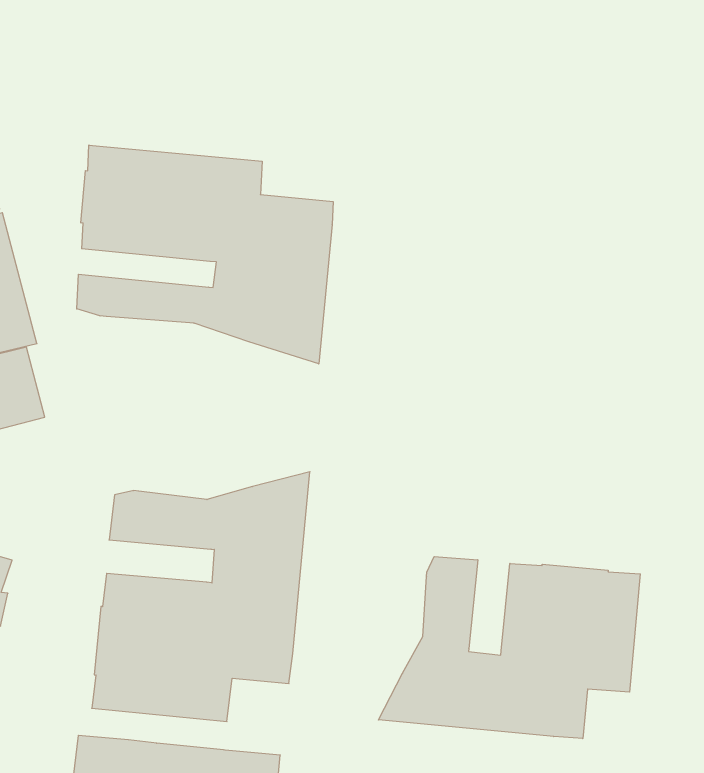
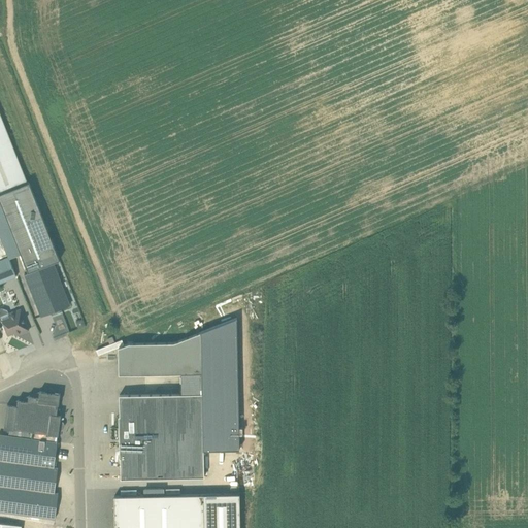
building: [77,145,333,364] -> none
building: [378,557,640,739] -> none

